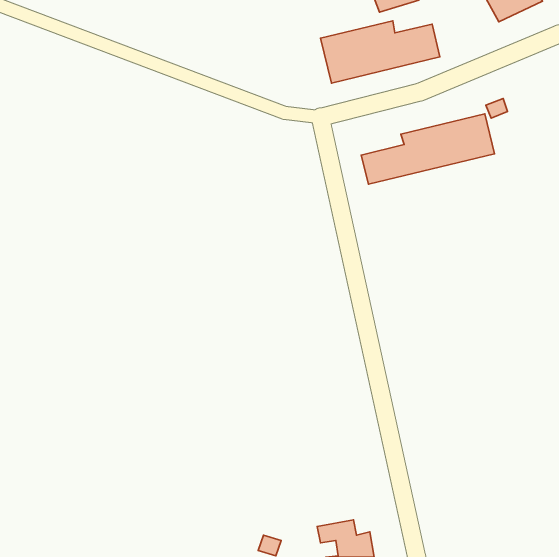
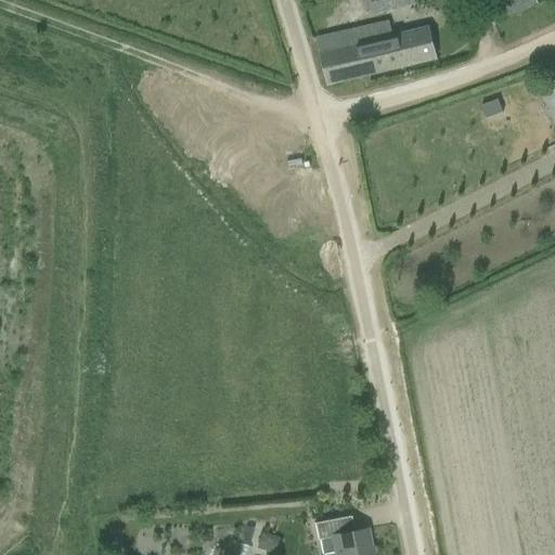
building: [361,114,494,184] -> none

